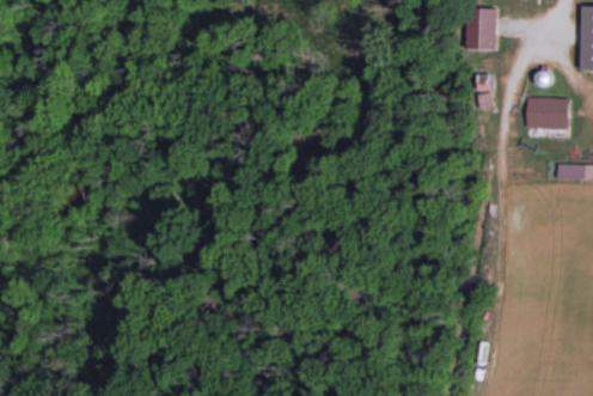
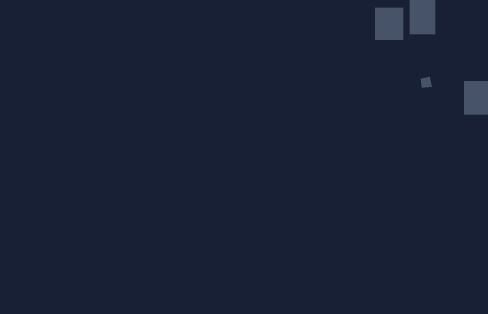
building: none -> [375,7,404,41]

